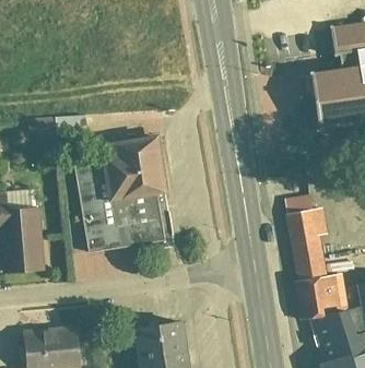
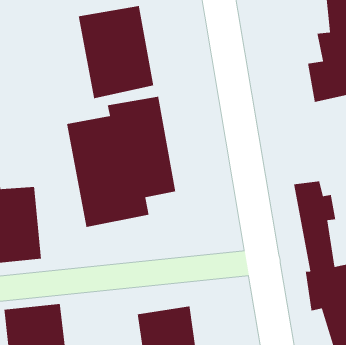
building: none -> [78,5,154,99]

